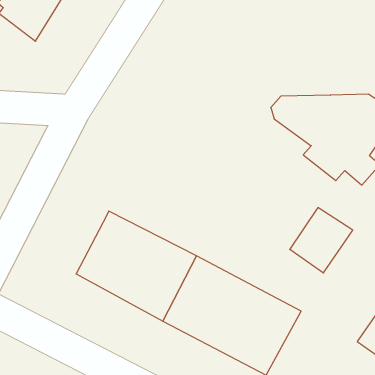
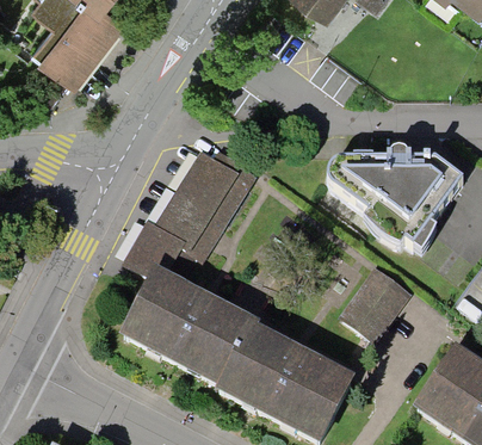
building: none -> [123,148,259,284]

